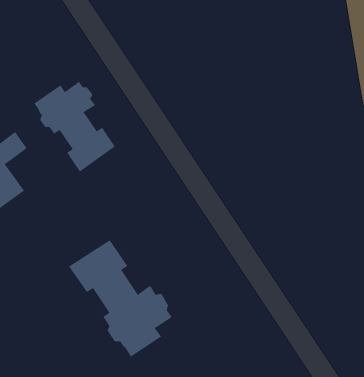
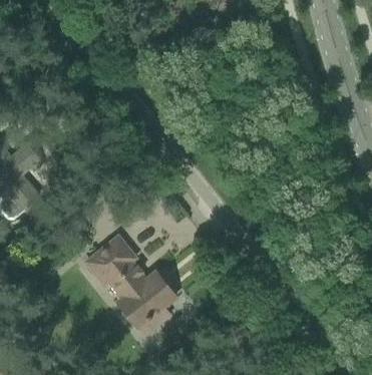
building: [33,81,116,172] -> none

